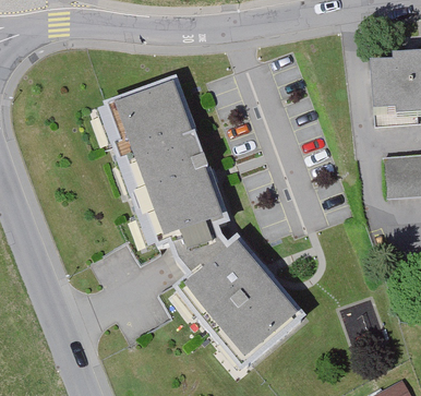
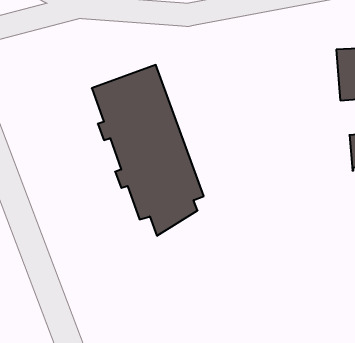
building: [178,236,304,363] -> none

